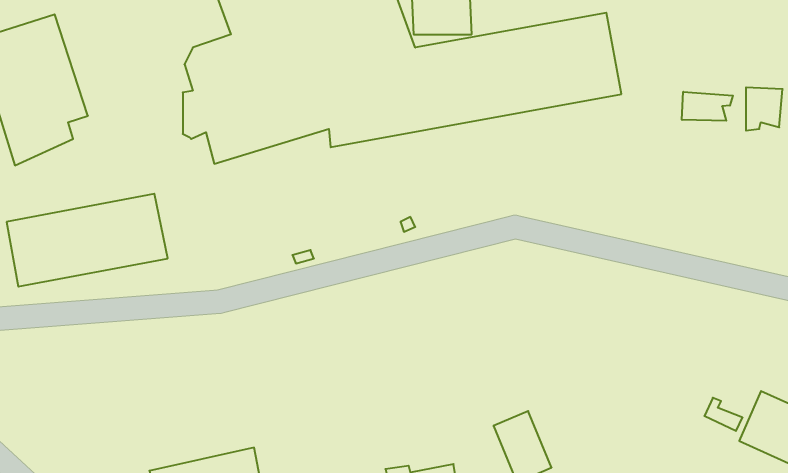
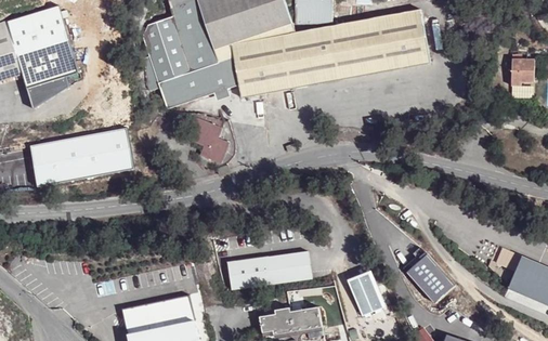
building: [682,92,733,121] -> none
building: none -> [185,116,229,162]
building: none -> [227,248,312,287]
building: none -> [404,254,454,303]

